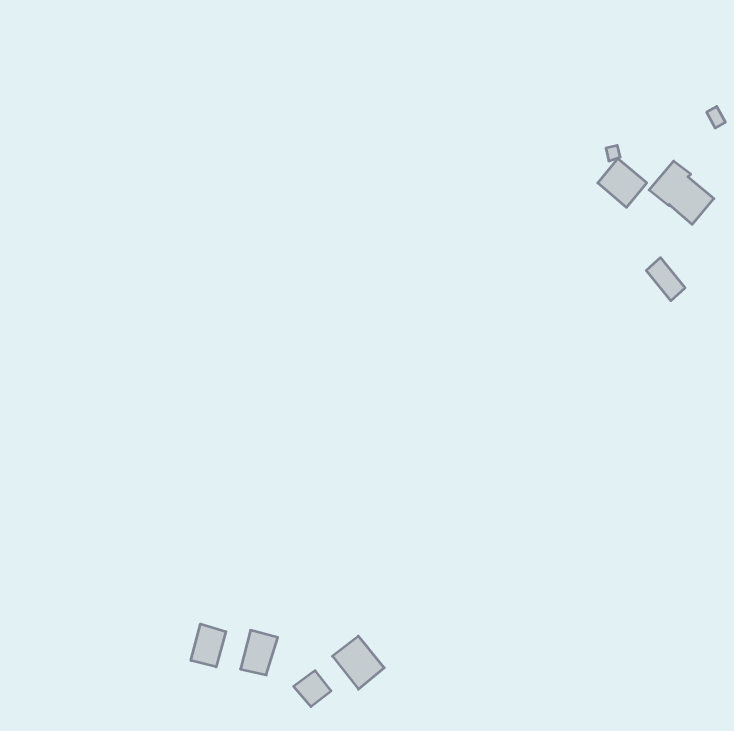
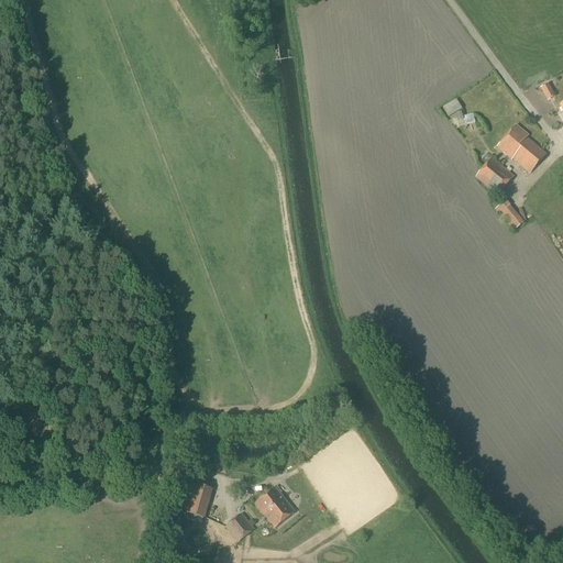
building: [598,159,647,207] -> [475,156,512,194]
building: [191,624,226,667] -> none

